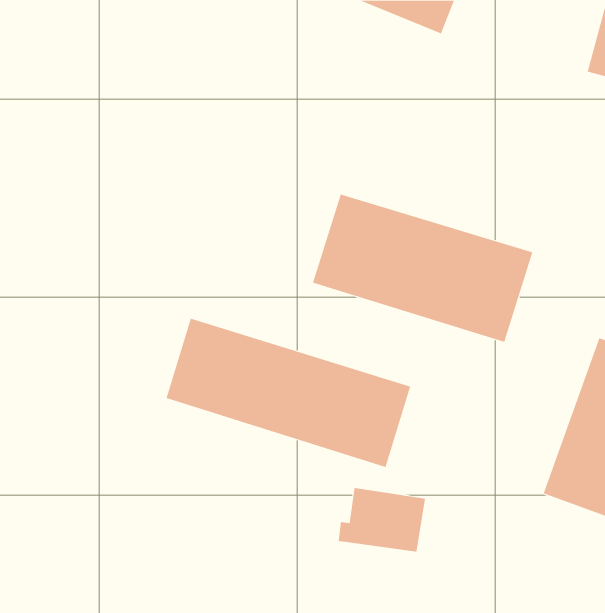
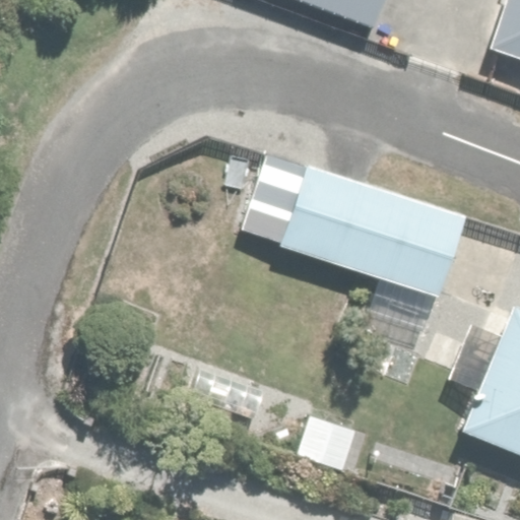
building: [166,318,411,468] -> none

